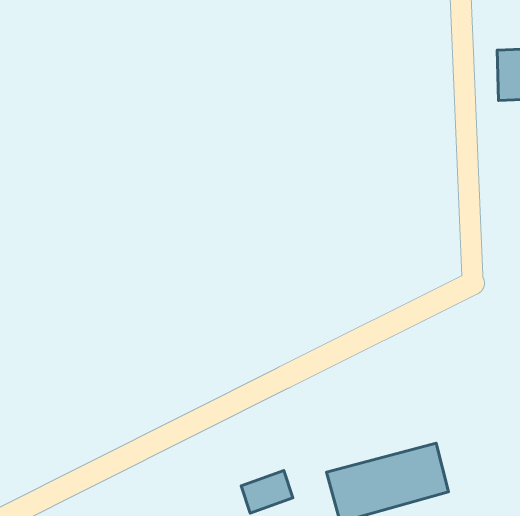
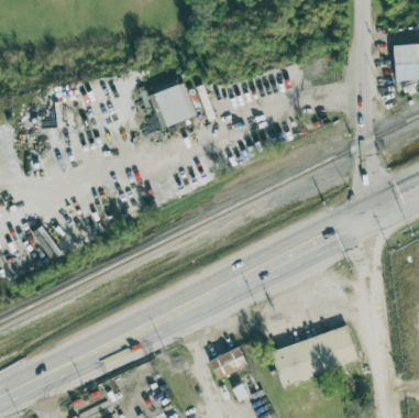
building: none -> [150,84,190,128]

